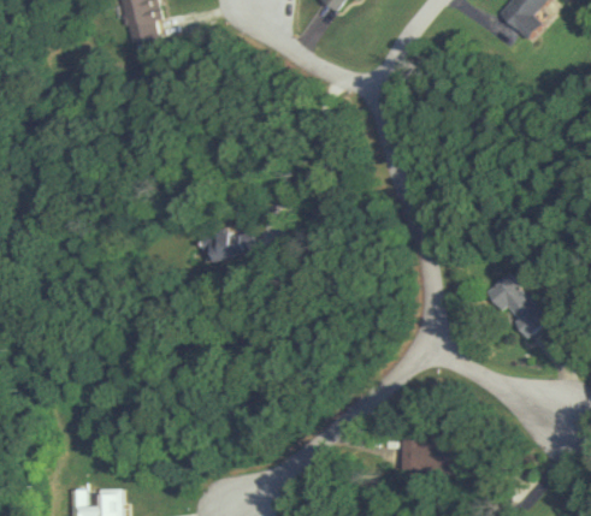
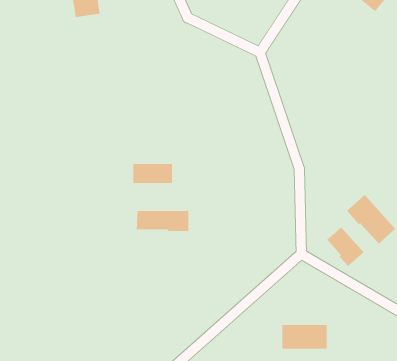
building: none -> [136,210,189,232]
building: none -> [326,227,364,267]

